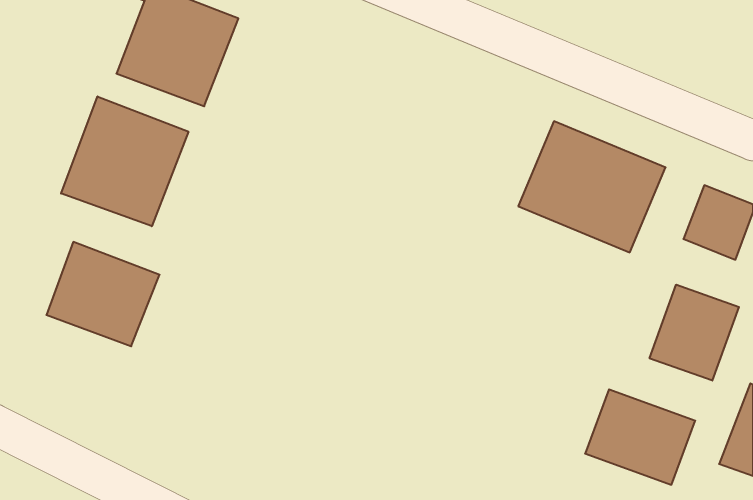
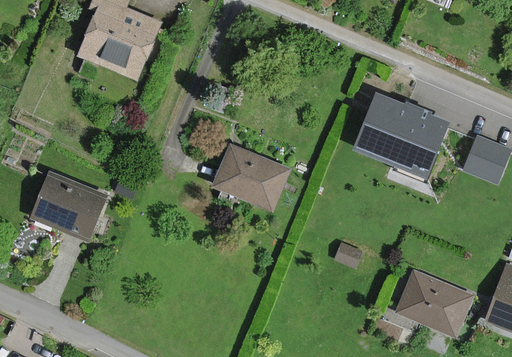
building: [61,96,188,226] -> none
building: none -> [211,144,288,212]
building: [650,285,739,381] -> none

